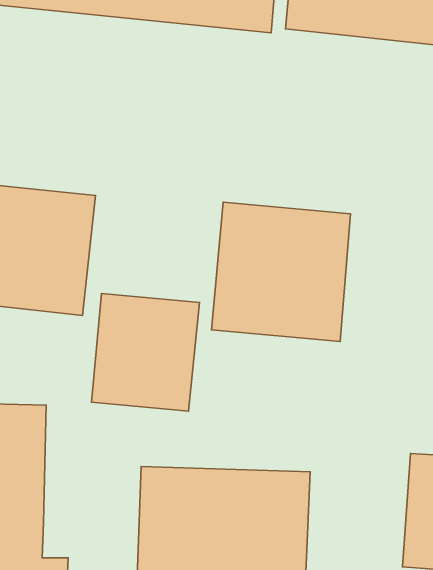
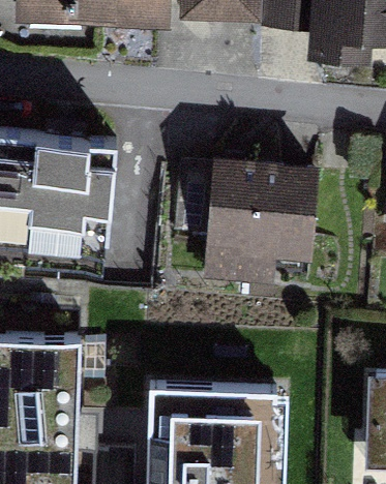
building: [92,293,200,411] -> none

